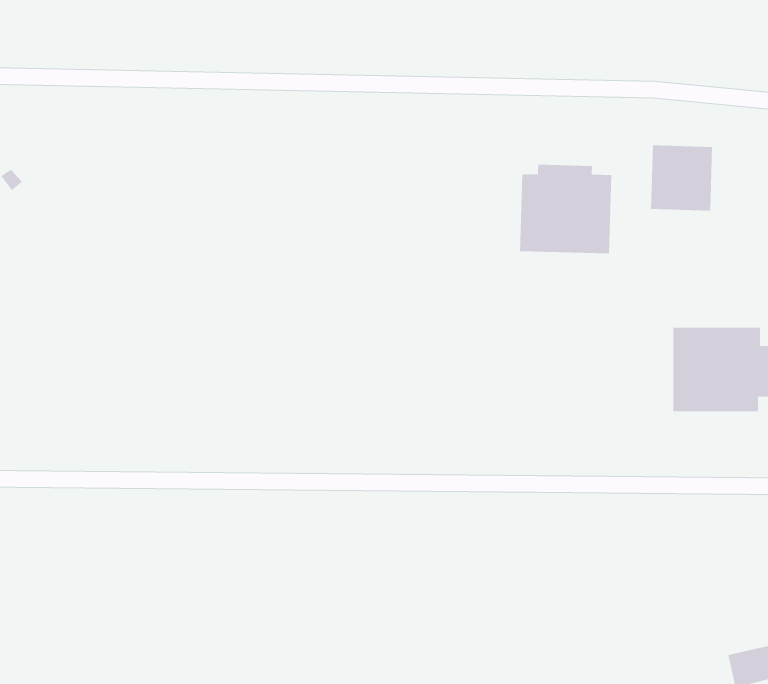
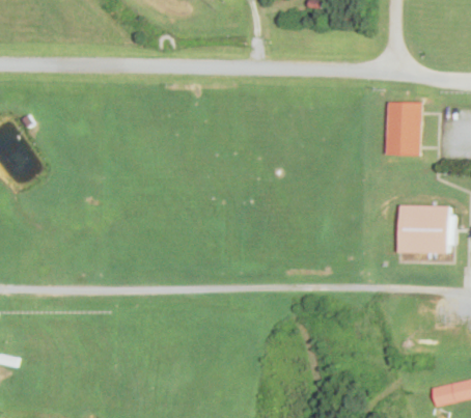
building: [520,164,612,254] -> none

